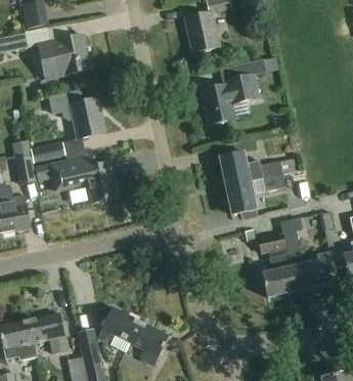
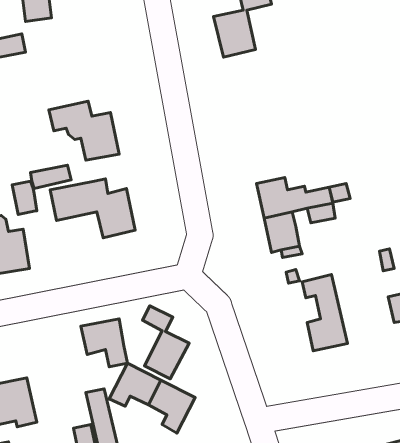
building: [39,34,91,78] -> none
building: [201,59,266,124] -> none
building: [280,217,335,290] -> none
building: none -> [143,306,189,379]
building: [29,312,68,352] -> [81,319,128,367]

